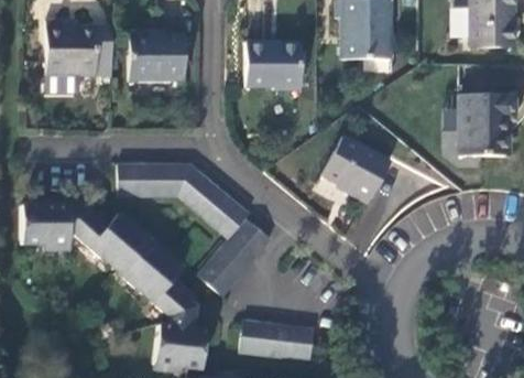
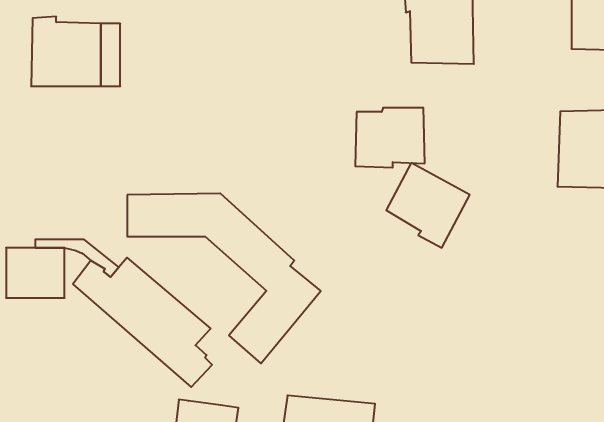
building: [128,32,183,82] -> none
building: [245,42,301,89] -> [355,108,425,168]
building: [166,269,196,328] -> none

